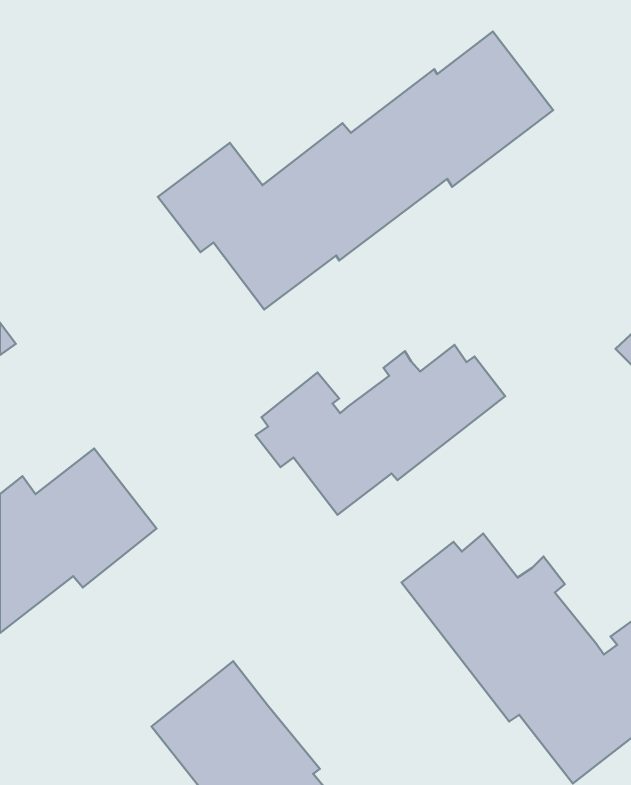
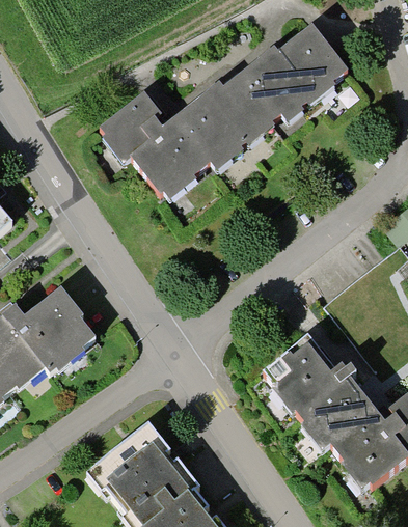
building: [255,345,505,515] -> none

